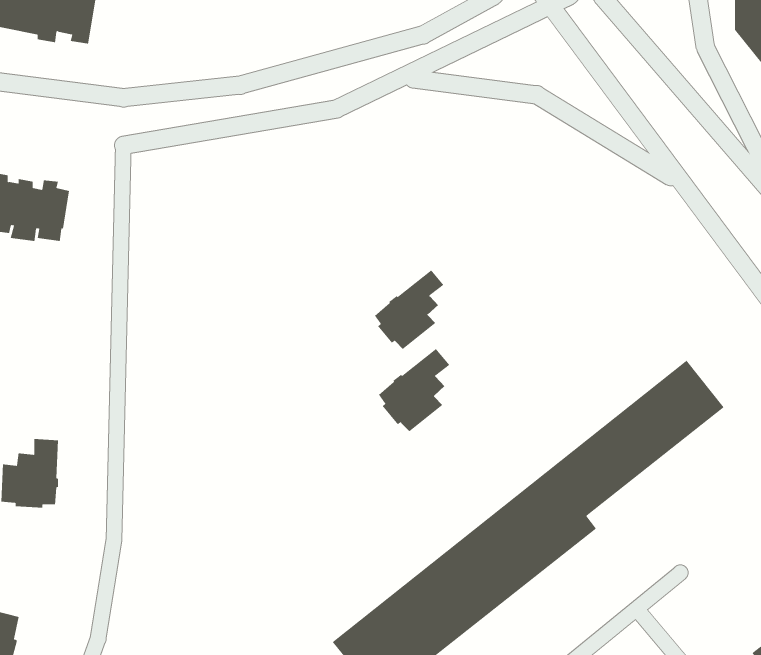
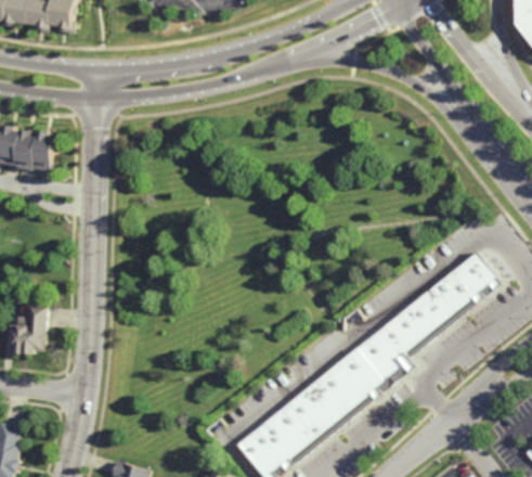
building: [374,270,444,350] -> none
building: [378,348,450,432] -> none

